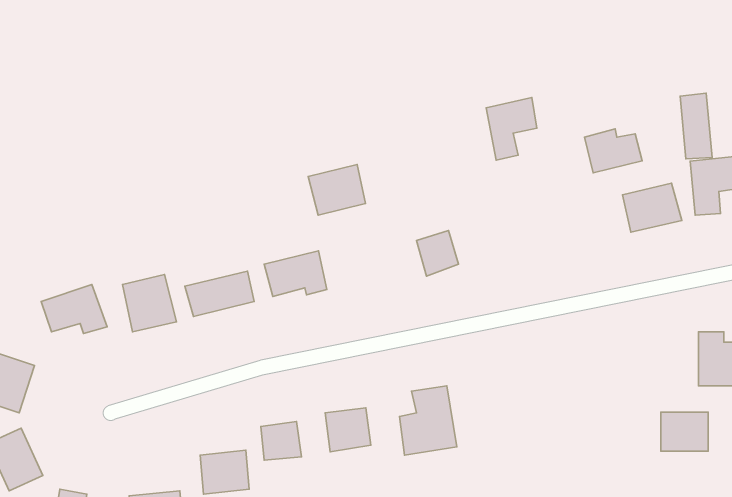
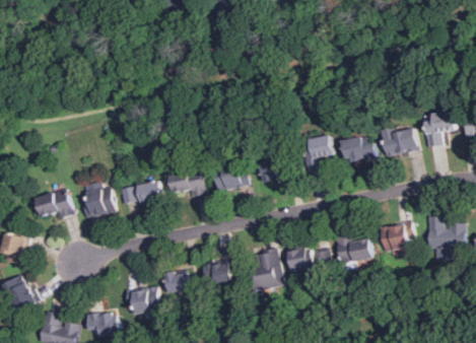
building: [680,93,712,159] -> none
building: [486,98,537,160] -> [301,135,332,173]
building: [585,129,642,173] -> [342,137,377,163]
building: [308,165,365,215] -> [212,161,247,192]
building: none -> [337,235,371,269]
building: none -> [288,245,331,278]
building: [661,412,708,451] -> [382,225,410,249]

